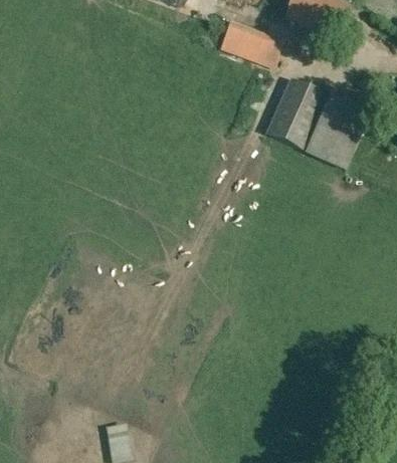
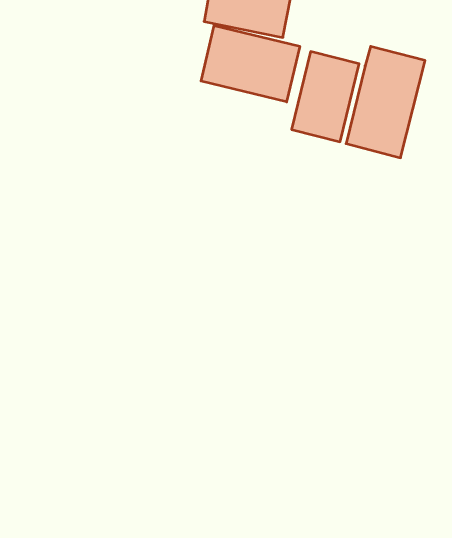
building: none -> [201,25,300,102]

